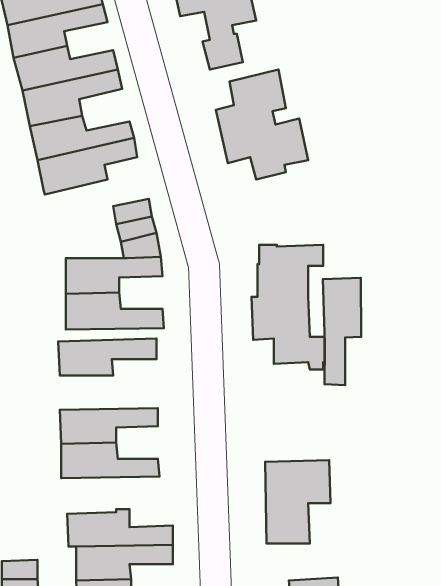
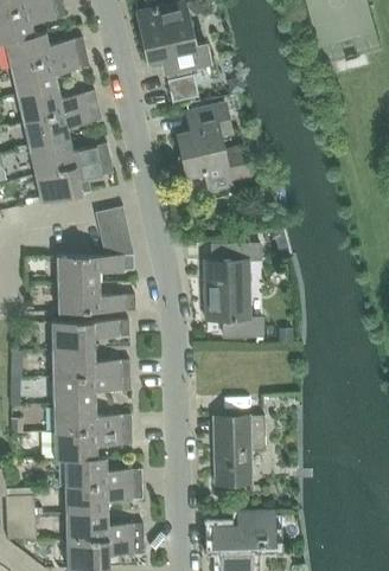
building: [323,278,361,385] -> none
building: none -> [52,348,130,376]
building: none -> [53,429,132,458]

